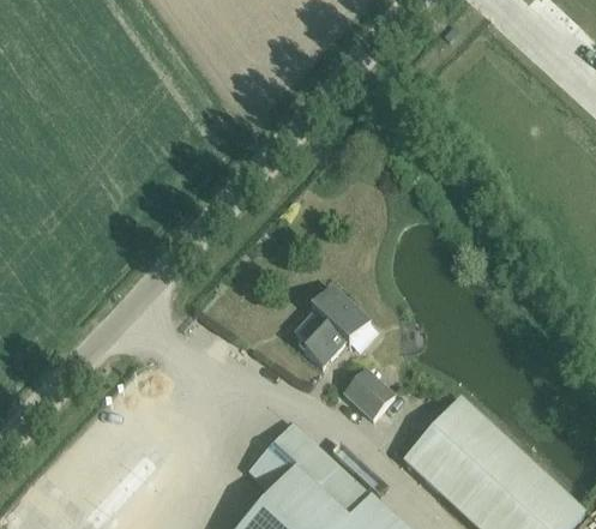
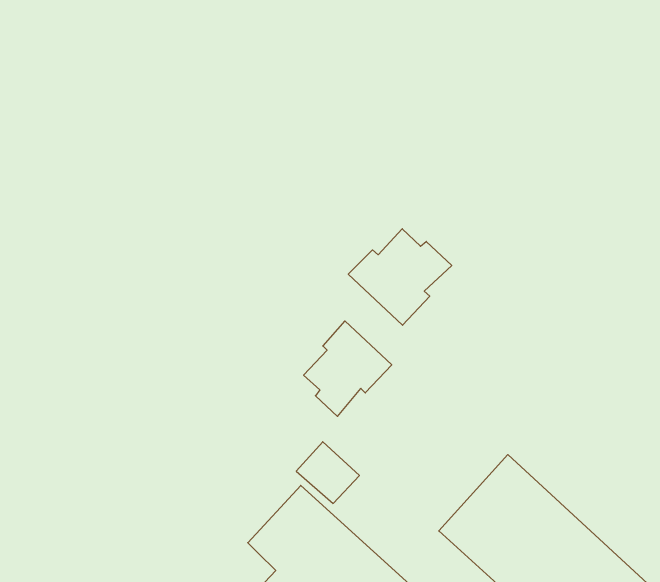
building: none -> [348,229,452,325]
building: [345,365,397,415] -> [296,442,359,503]

